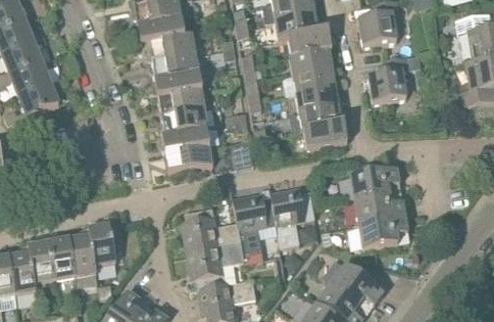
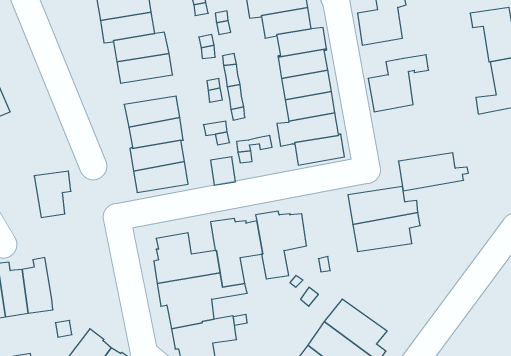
building: [153,71,201,96] -> none
building: [357,216,417,248] -> [398,153,468,191]
building: [88,224,119,264] -> [34,171,71,217]

